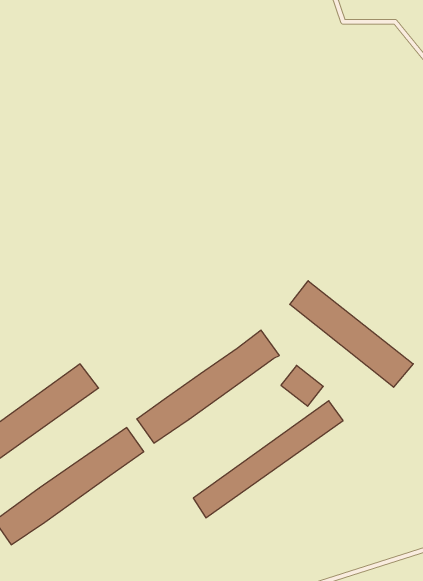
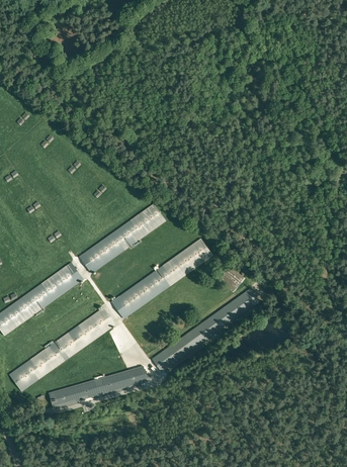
building: [290,281,413,387] -> none
building: none -> [79,203,166,274]
building: none -> [50,368,152,408]

